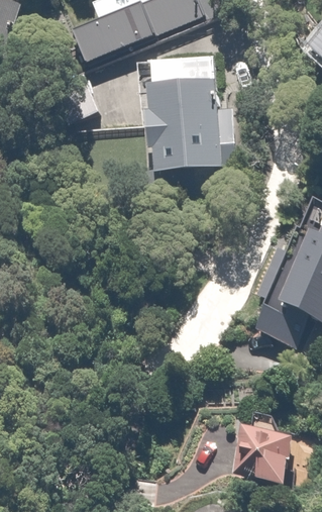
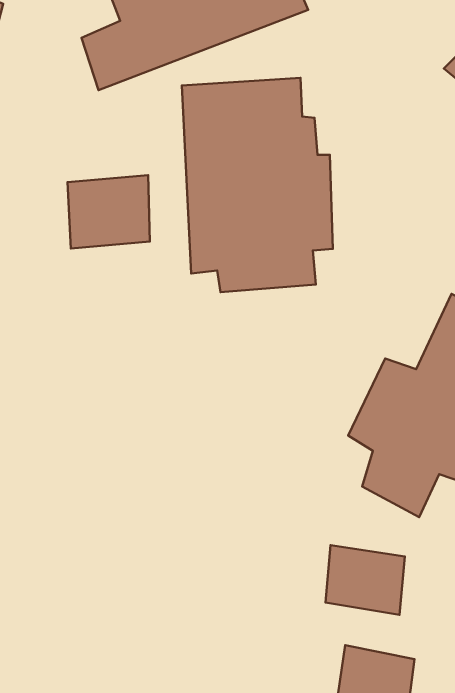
building: none -> [68,175,150,248]
building: none -> [326,545,405,615]

